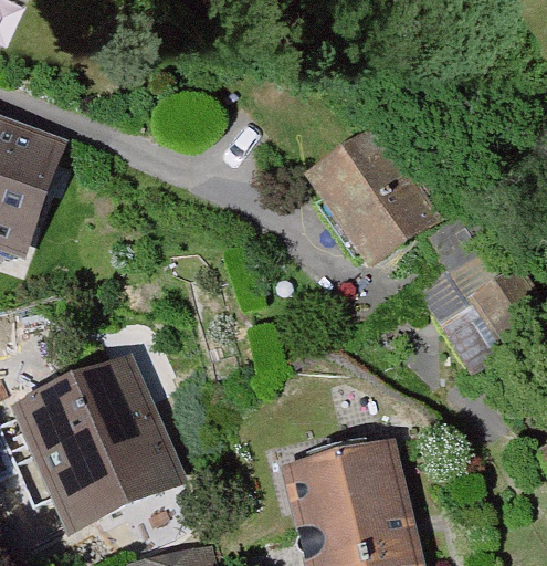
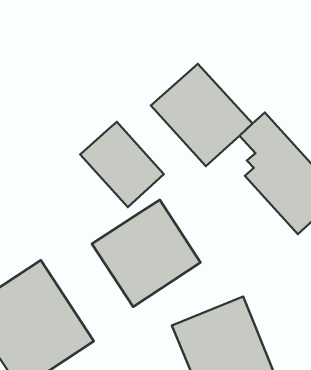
building: none -> [80,122,164,207]
building: none -> [92,200,200,307]

